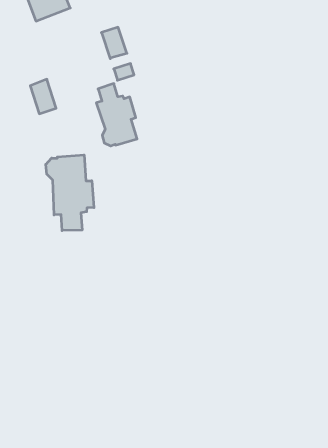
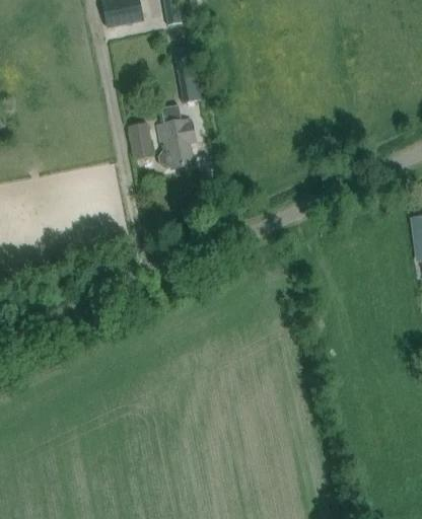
building: [30,79,56,114] -> [129,121,152,155]
building: [46,155,94,231] -> none

